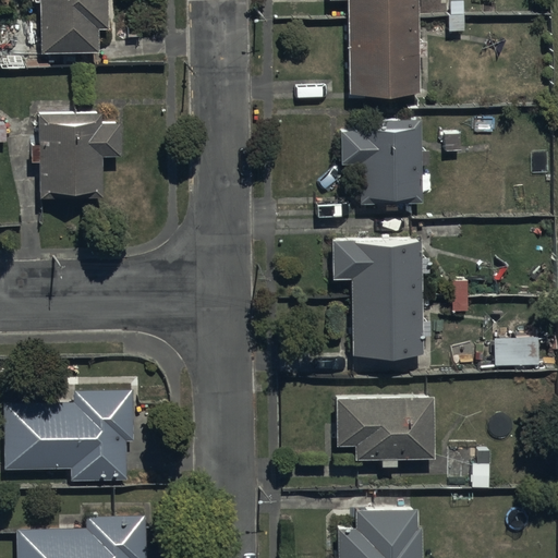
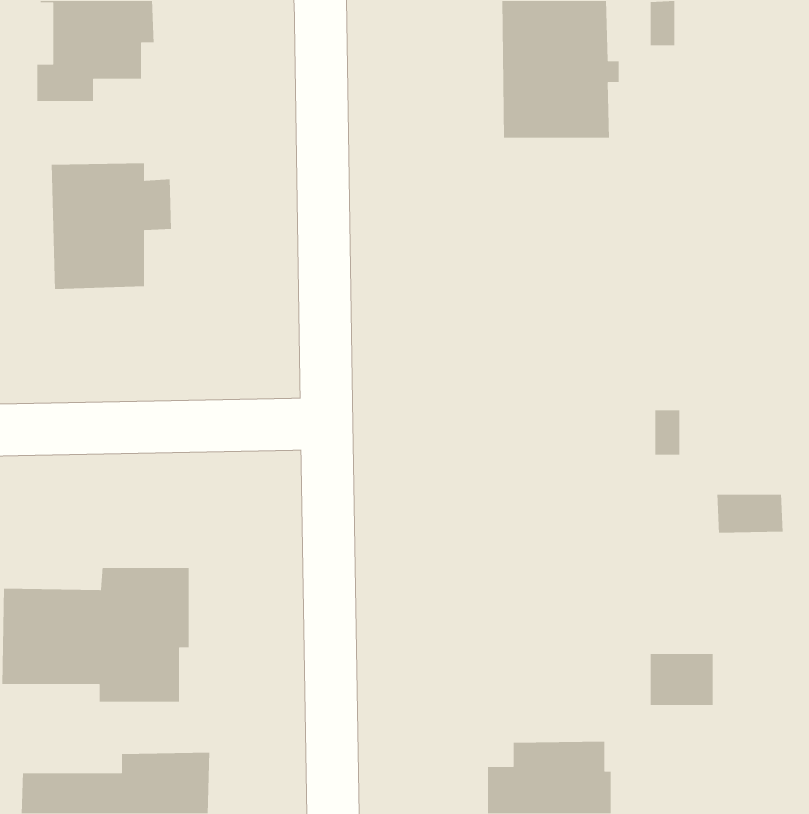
building: [341,121,429,204] -> none
building: [330,240,429,356] -> none
building: [337,396,442,475] -> none

